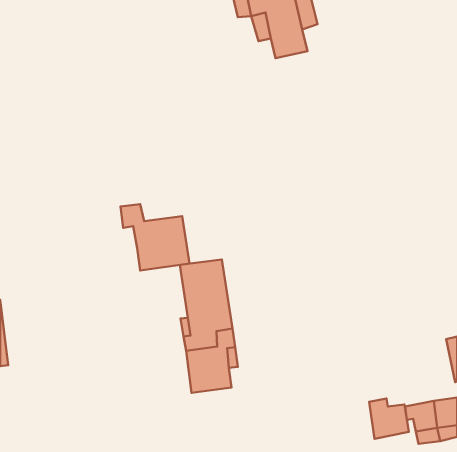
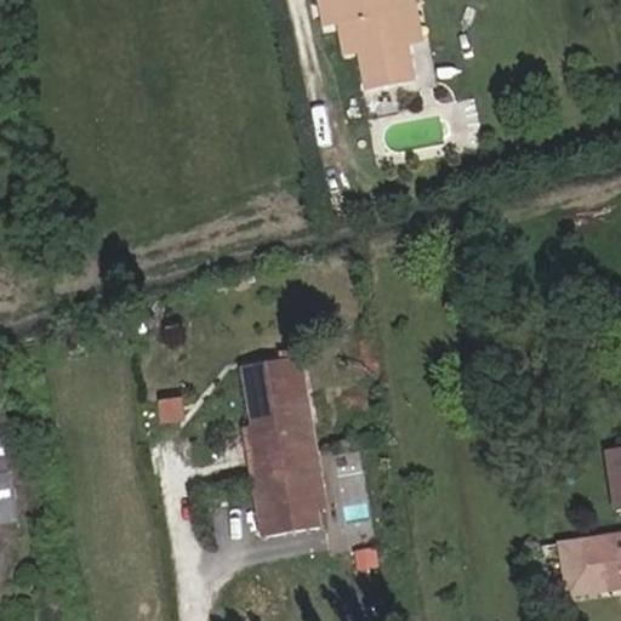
building: [120,204,189,271] -> none
building: [369,398,409,439] -> none

